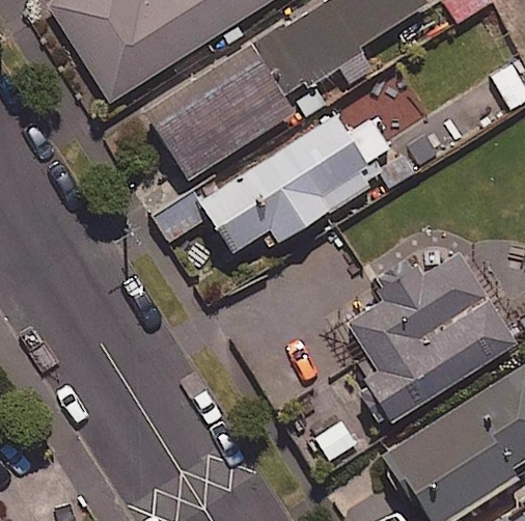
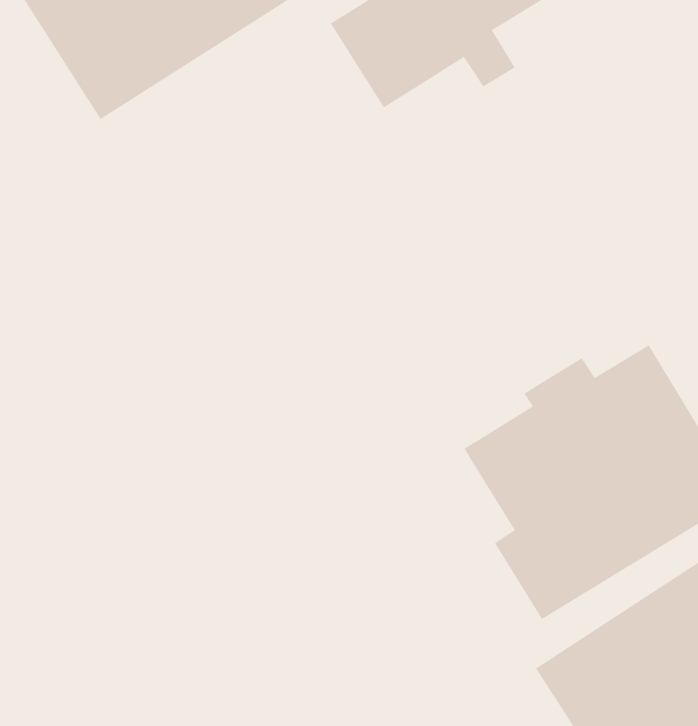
building: [144,44,295,180] -> none
building: [201,115,390,251] -> none

